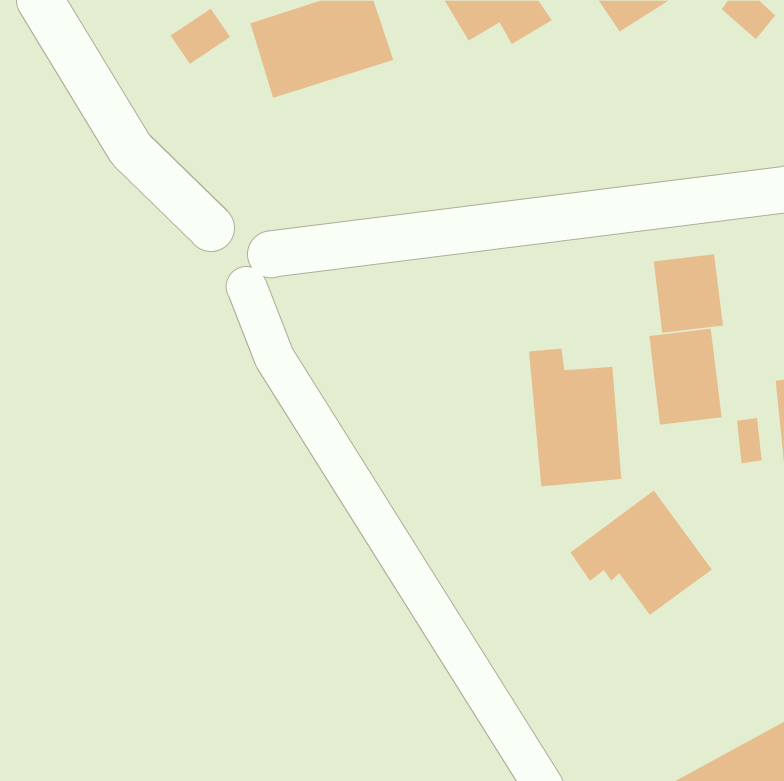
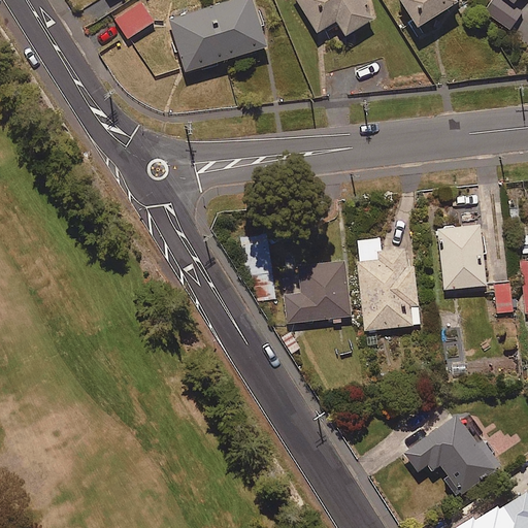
building: [653,253,723,334] -> none
building: none -> [282,259,351,323]
building: [570,489,713,616] -> [403,408,499,493]

